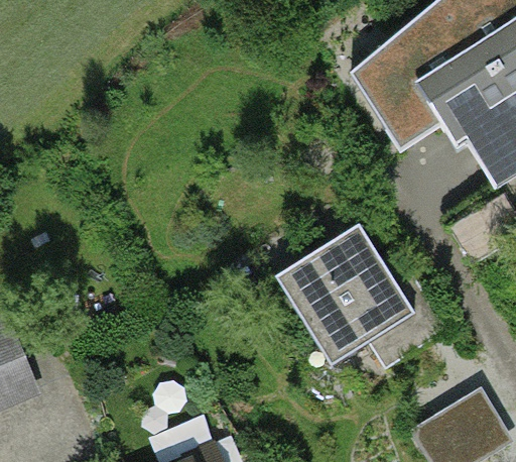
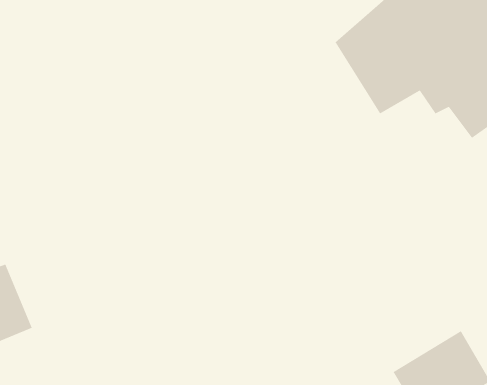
building: [277,229,445,366] -> none

